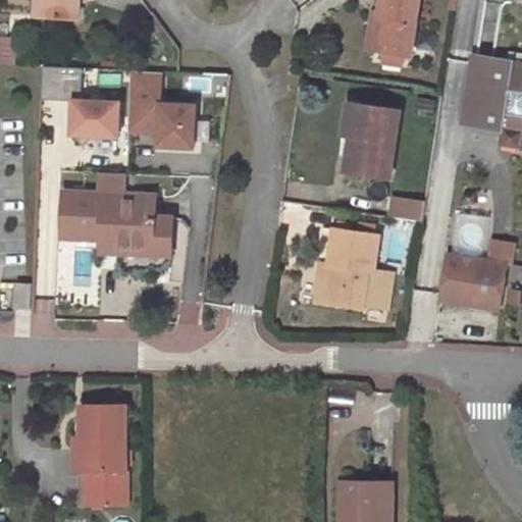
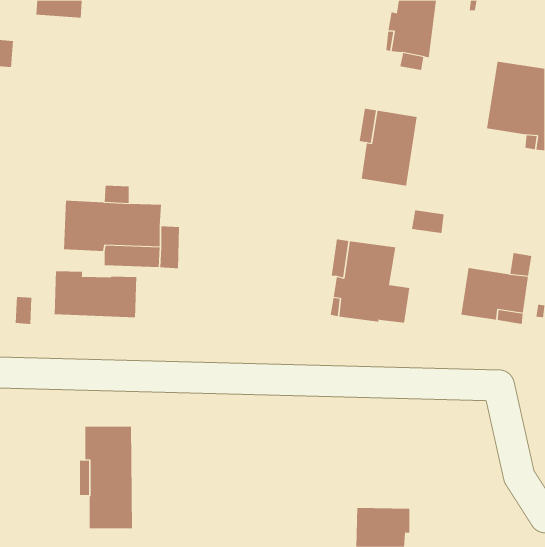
building: [39,66,118,146] -> none
building: [127,70,197,148] -> none
building: none -> [54,270,137,318]

